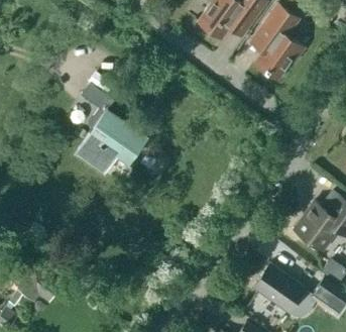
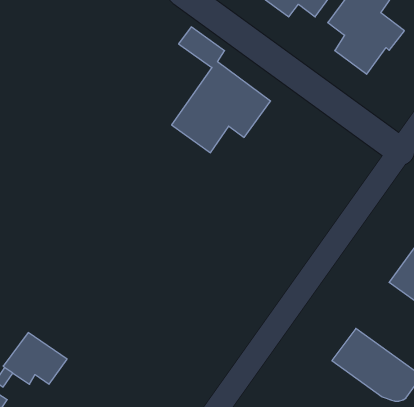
building: [75,85,146,176] -> [172,27,271,153]

